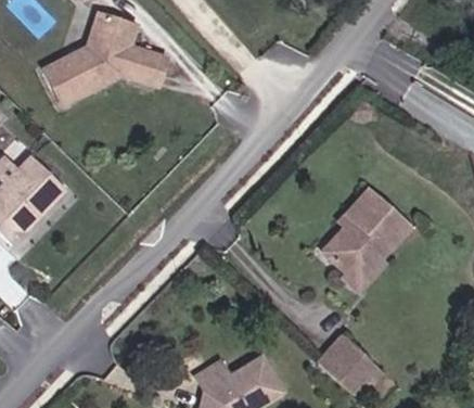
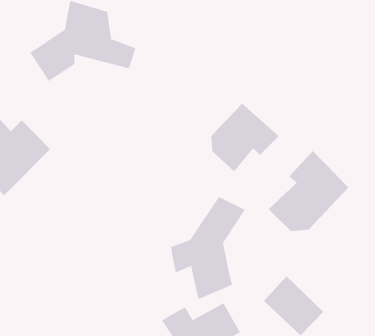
building: none -> [211,103,279,172]
building: none -> [170,196,246,300]

